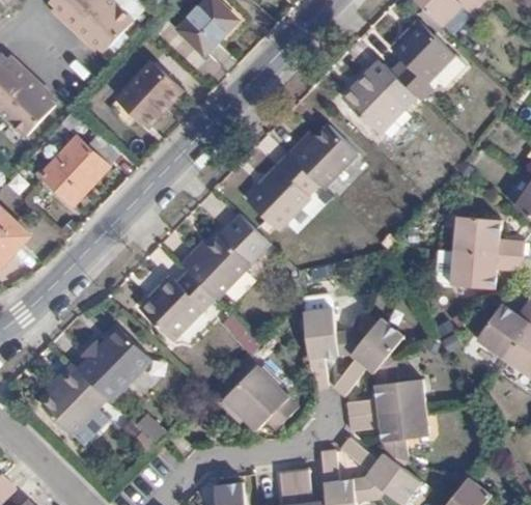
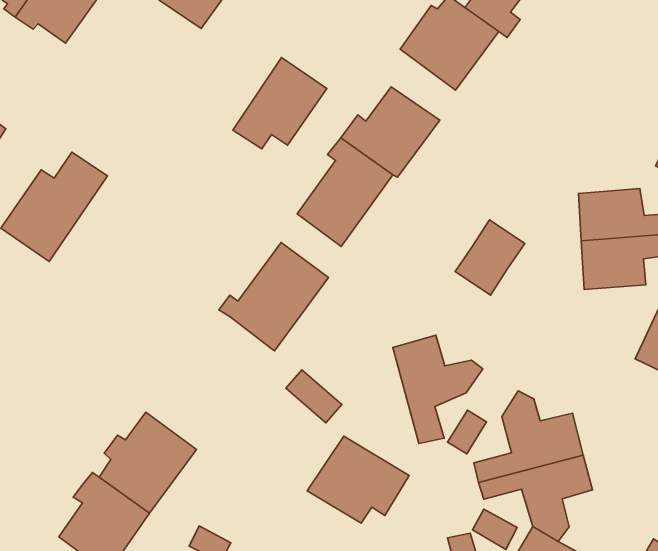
building: [106,66,177,130] -> [233,58,327,149]
building: [138,269,215,339] -> none
building: [351,315,403,369] -> [455,220,525,295]

